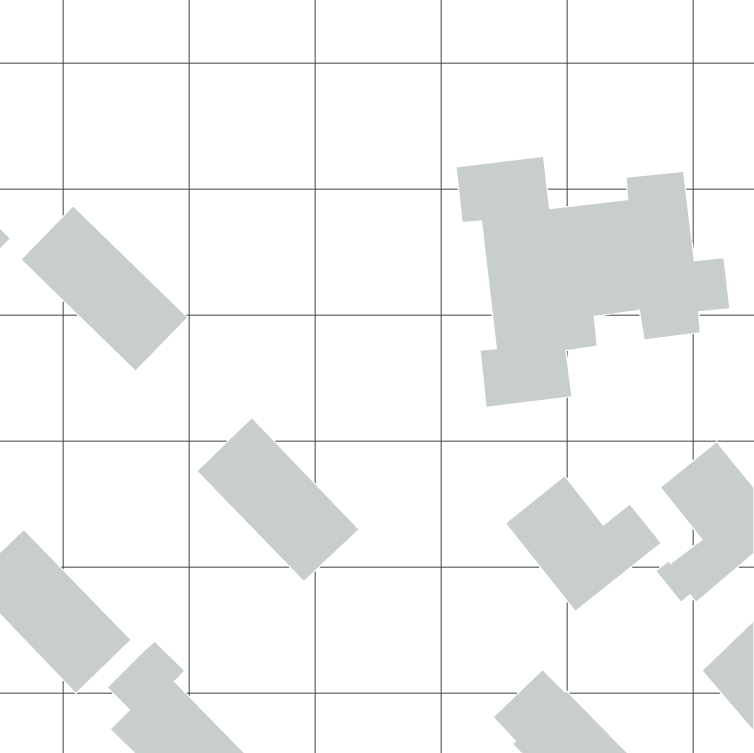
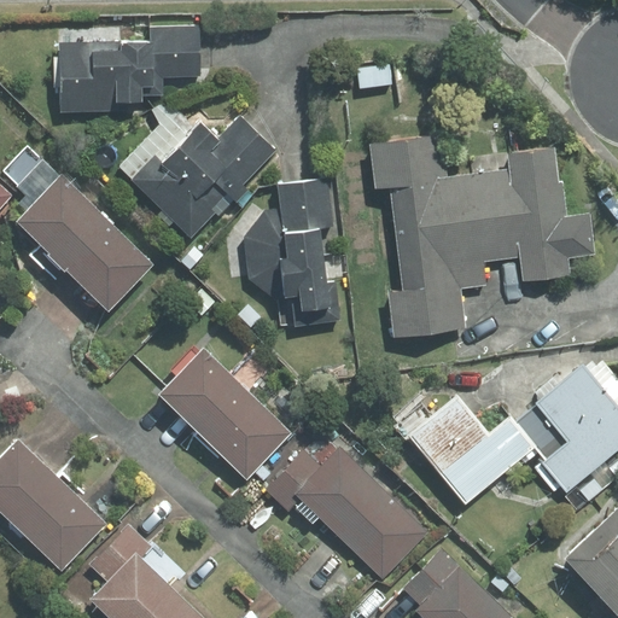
building: none -> [56,30,200,113]
building: none -> [129,116,275,239]
building: none -> [241,179,342,328]
building: none -> [262,447,425,582]

